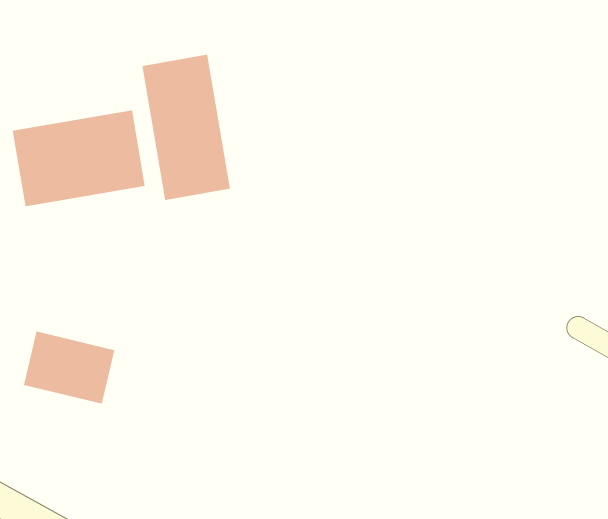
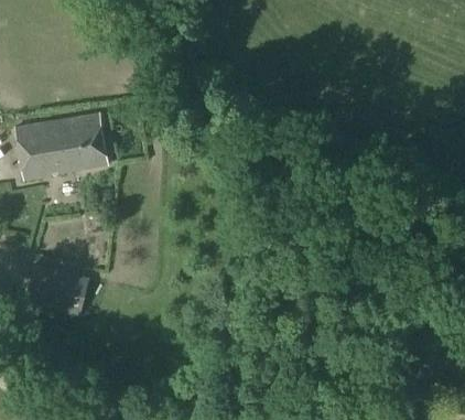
building: [142,54,231,201] -> none

